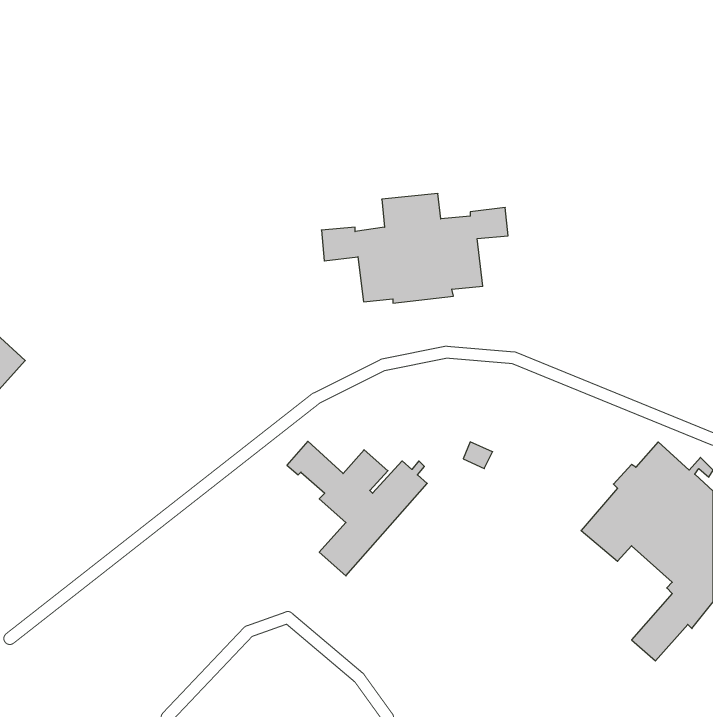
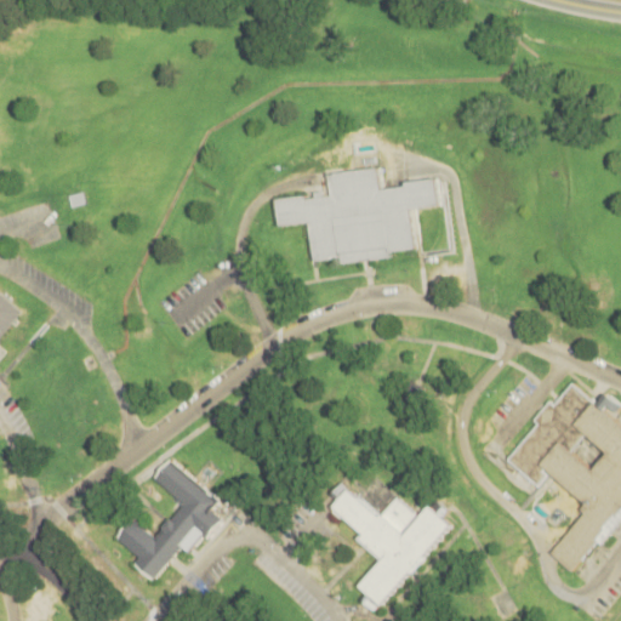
building: [287,441,427,576] -> [330,489,451,605]
building: none -> [116,461,223,581]

